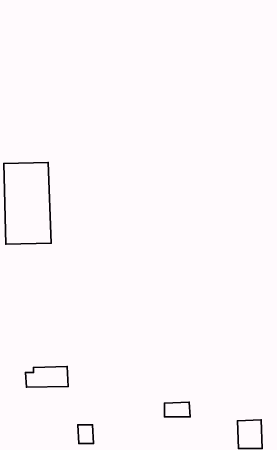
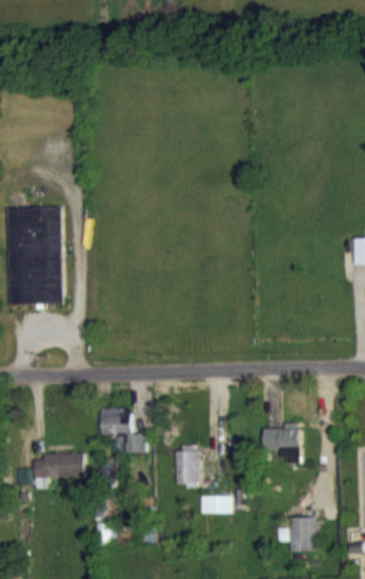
building: none -> [100,407,145,452]
building: none -> [262,422,298,460]
building: none -> [174,451,199,487]

